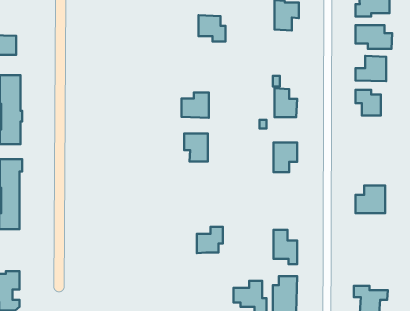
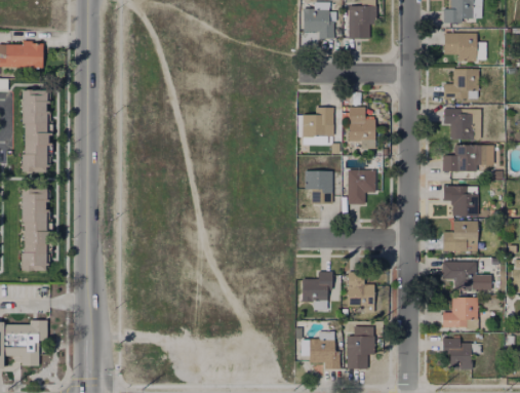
building: [199,15,226,41] -> [302,7,333,38]
building: [182,92,209,118] -> [301,107,332,136]
building: none -> [442,144,481,170]
building: [184,134,208,162] -> [304,170,331,203]
building: none -> [442,185,479,215]
building: none -> [441,261,491,286]
building: [197,227,223,253] -> [301,271,331,302]
building: none -> [442,298,478,327]

